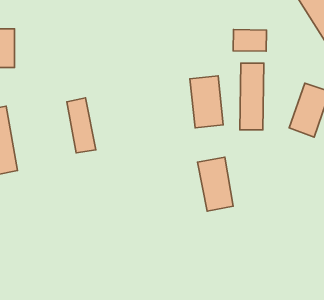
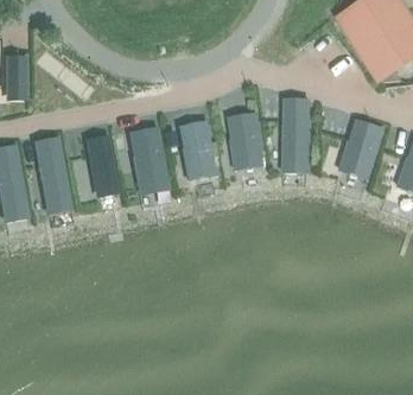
building: [233,30,266,51] -> none
building: none -> [128,127,169,195]
building: none -> [34,136,74,215]
building: [198,157,233,211] -> [177,120,217,181]

